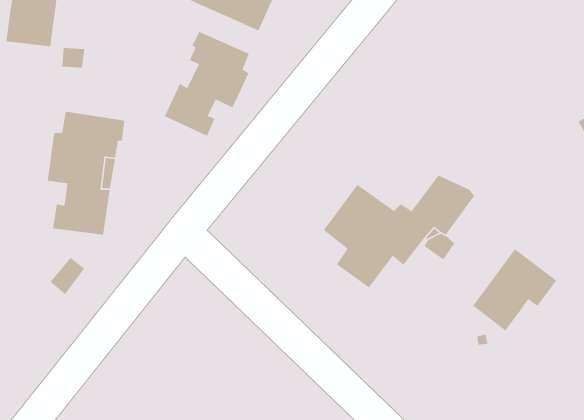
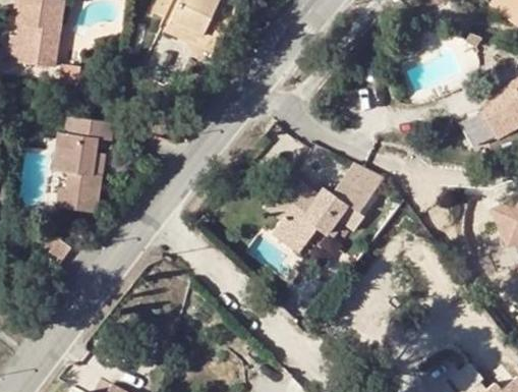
building: [164,31,250,137] -> none
building: [472,248,557,331] -> none

